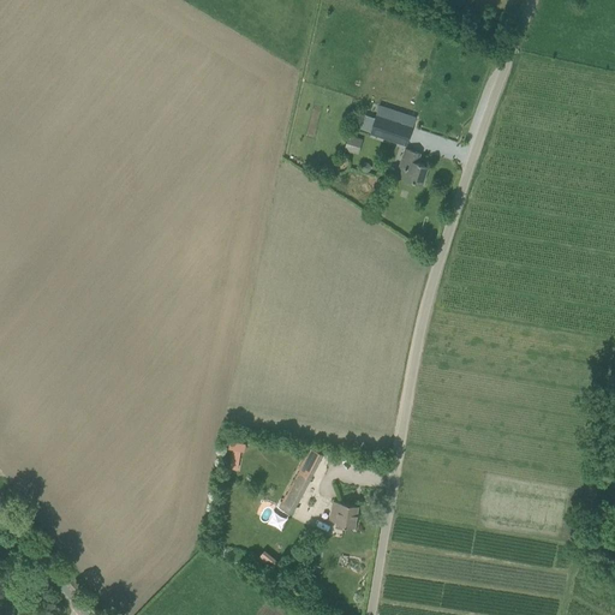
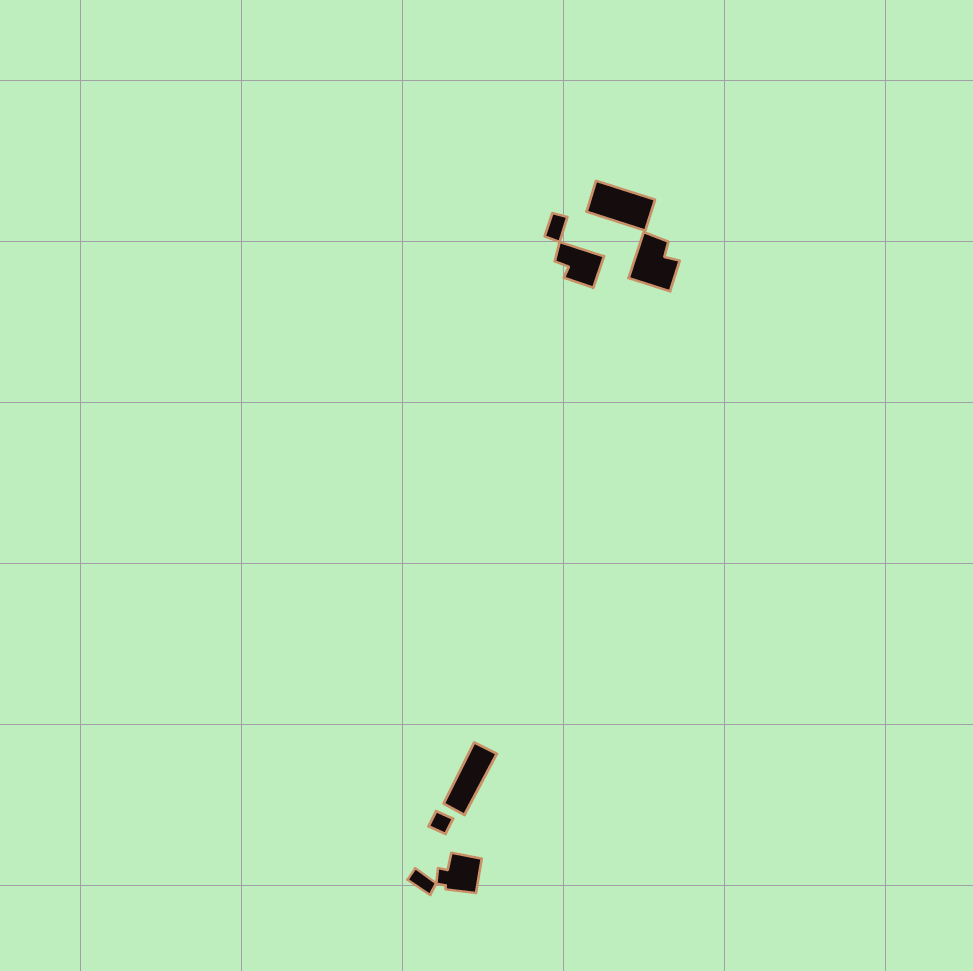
building: none -> [555,242,604,288]
building: [330,501,359,526] -> [436,853,482,893]

